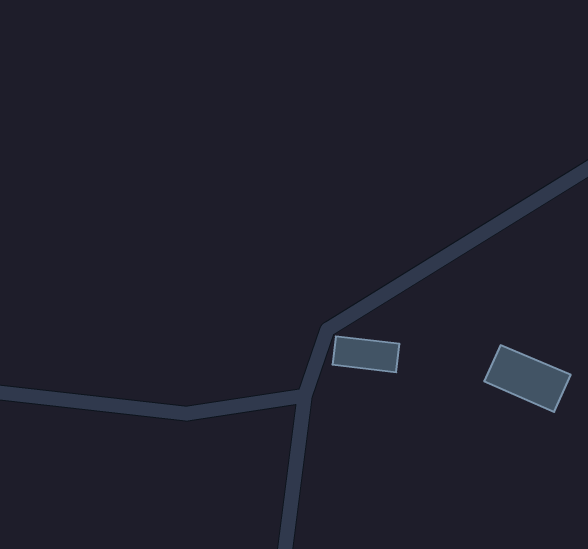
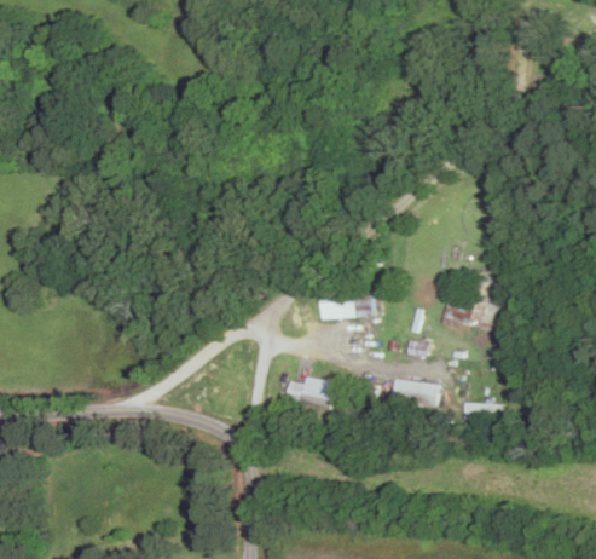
building: none -> [285,380,334,411]
building: none -> [392,379,438,409]

